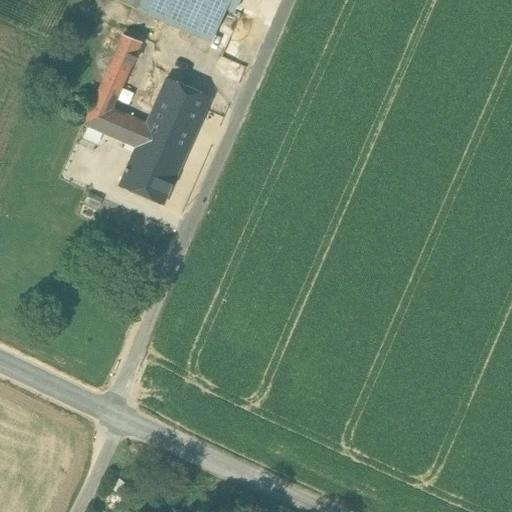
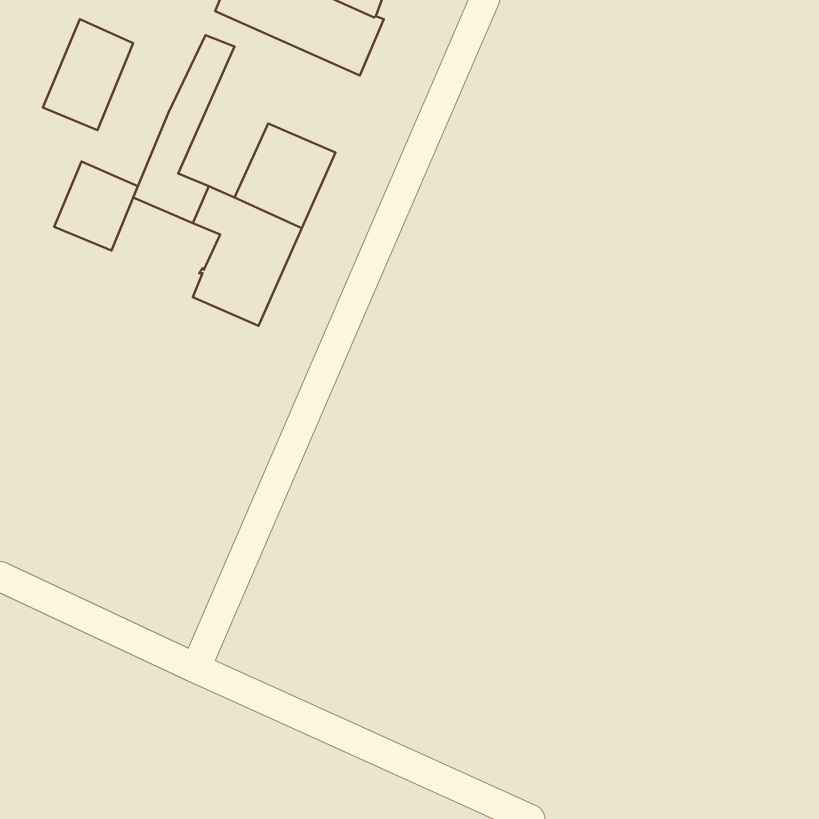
building: none -> [43,19,133,130]
building: none -> [54,162,138,251]

